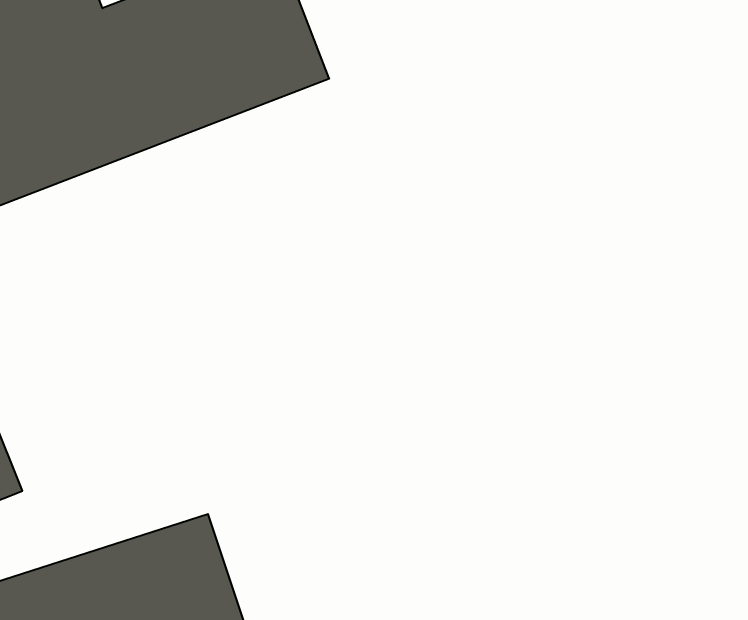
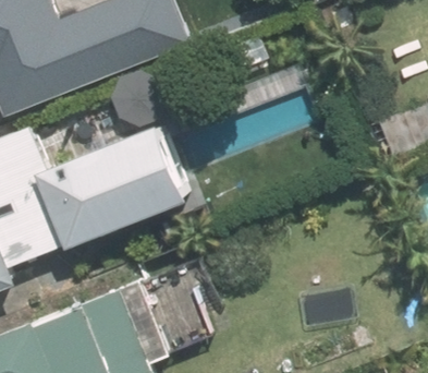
building: none -> [40,128,194,245]

